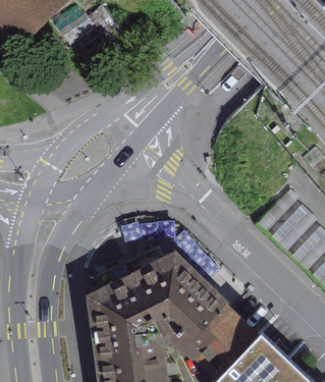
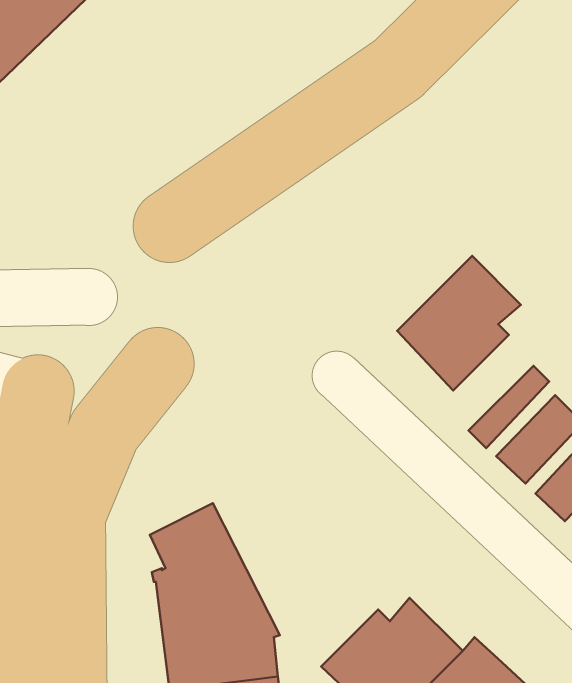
building: none -> [397,256,521,391]
building: [123,247,225,347] -> none

